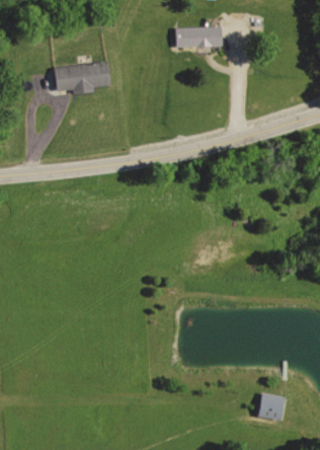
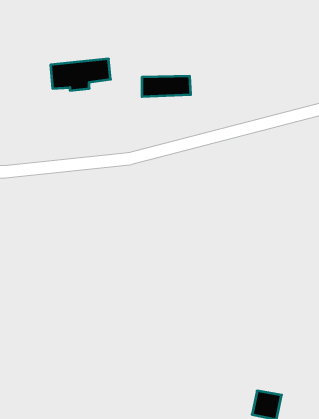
building: [171,27,220,48] -> [142,76,191,97]

